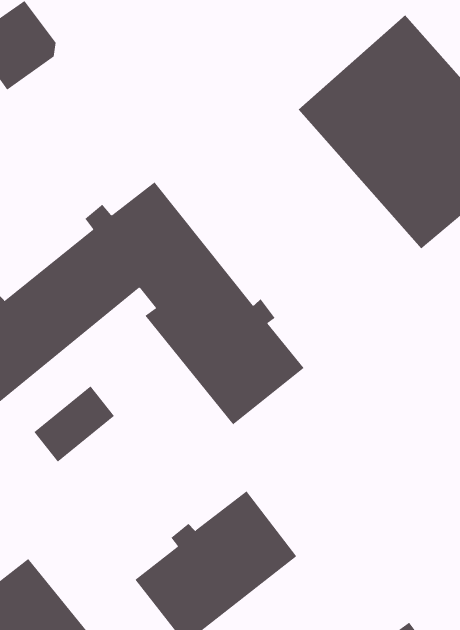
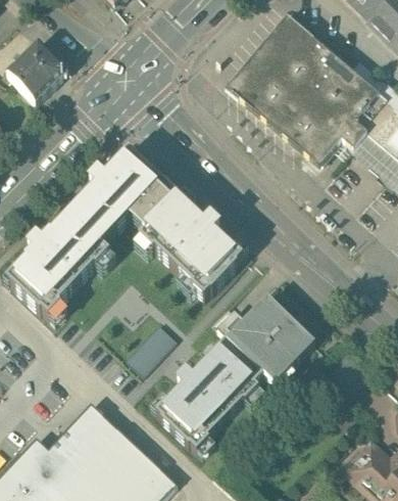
building: [33,385,115,463] -> [125,321,176,374]
building: none -> [227,299,313,384]

